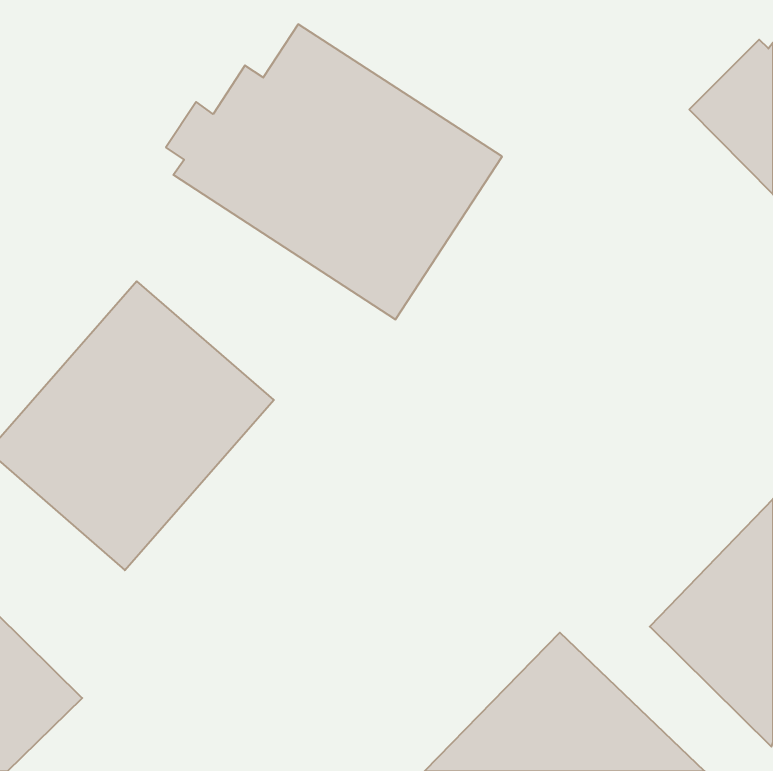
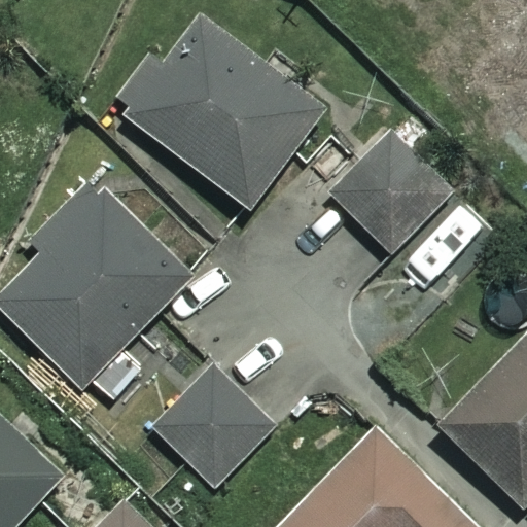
building: none -> [332,136,451,253]
building: none -> [154,368,271,484]

